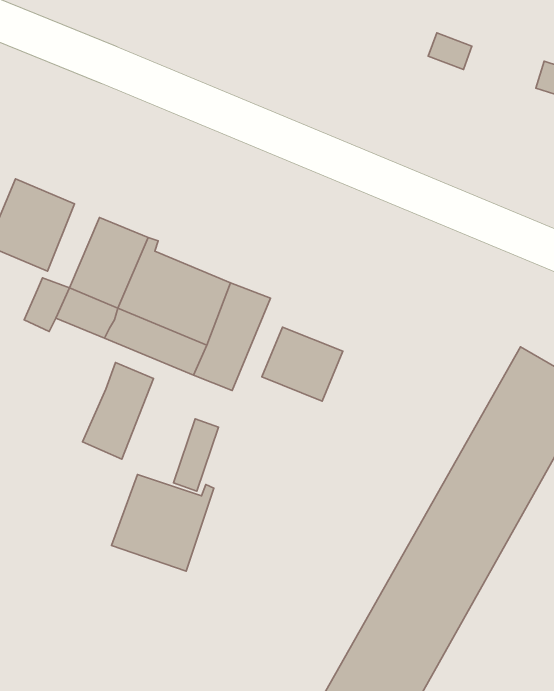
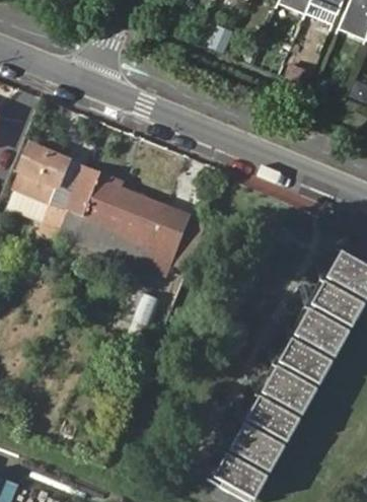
building: [262,327,343,401] -> none
building: [83,362,153,459] -> none
building: [111,474,214,571] -> none

